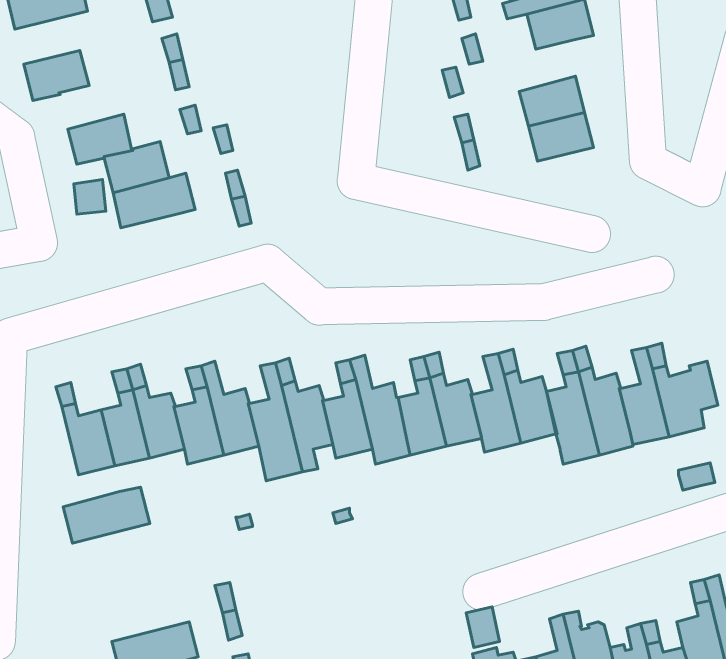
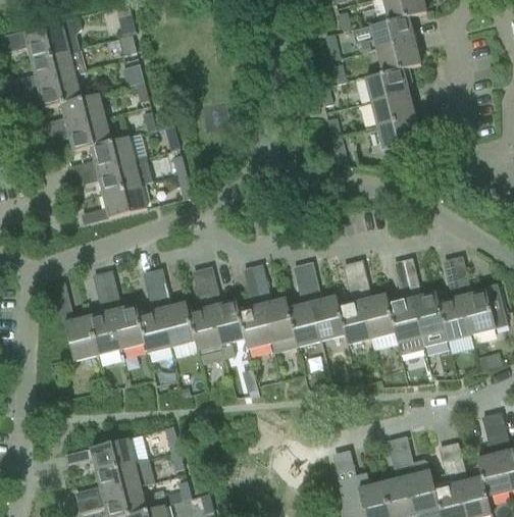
building: none -> [31,48,86,84]
building: none -> [364,67,411,102]
building: none -> [60,94,104,127]
building: none -> [102,185,146,218]
building: [63,487,150,543] -> [90,434,148,472]

